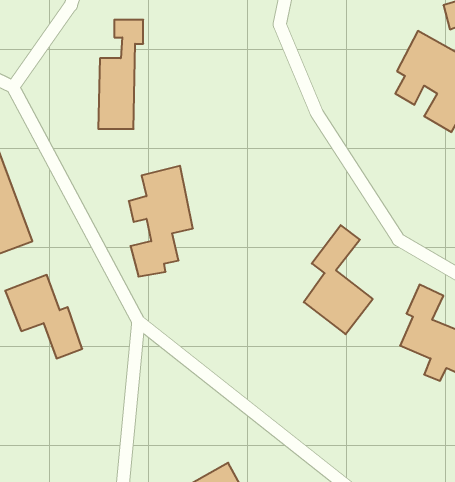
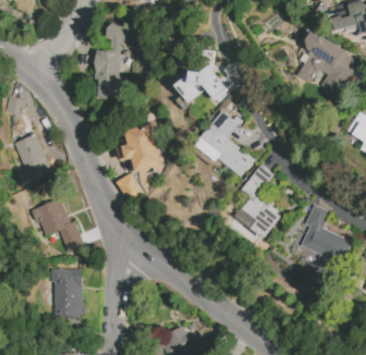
building: none -> [176,61,229,102]
building: none -> [196,108,256,178]
building: none -> [52,268,83,318]

